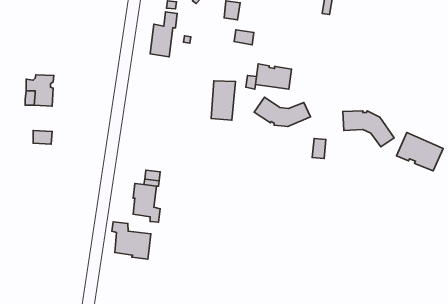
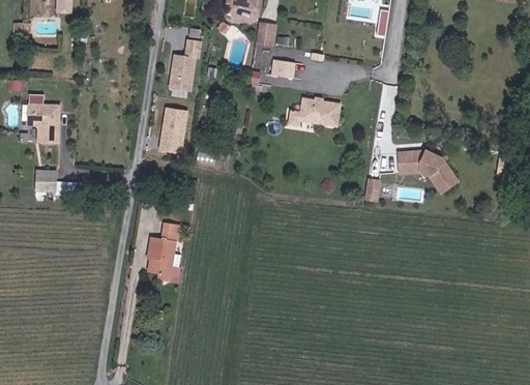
building: [211,81,236,120] -> [154,111,182,156]
building: [254,97,311,126] -> none
building: [397,133,443,171] -> none
building: [112,222,151,259] -> none

